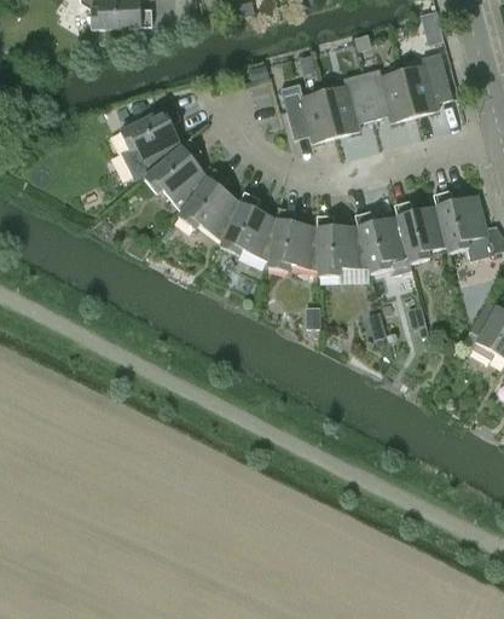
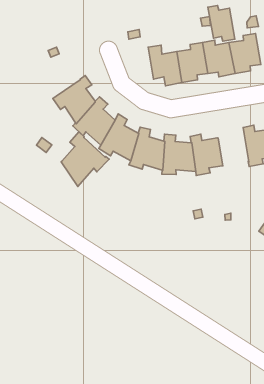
building: none -> [208,6,235,41]
building: [120,104,183,173] -> none
building: [394,201,447,262] -> none
building: none -> [61,132,109,186]

